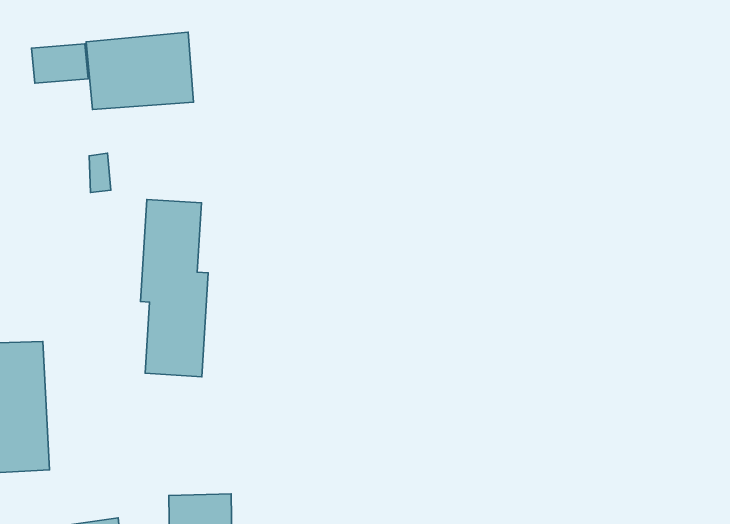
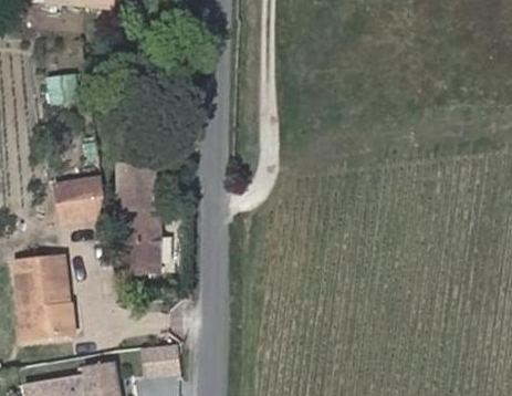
building: [86,32,193,110] -> none
building: none -> [56,178,106,221]

